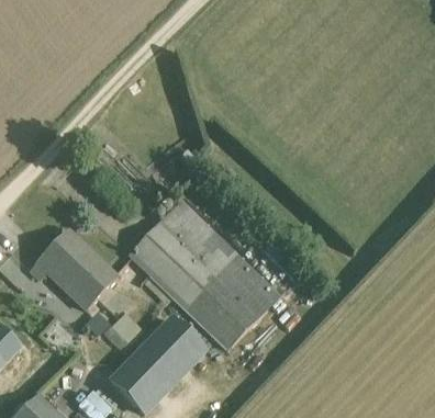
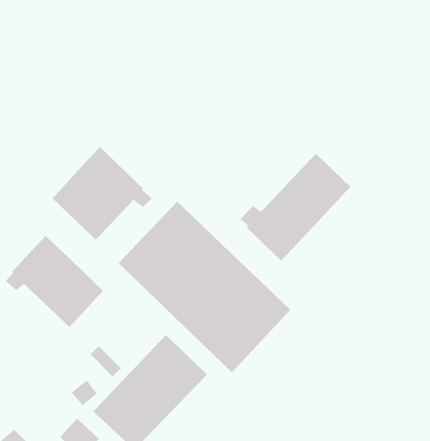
building: none -> [52,146,152,241]
building: none -> [239,153,351,261]

